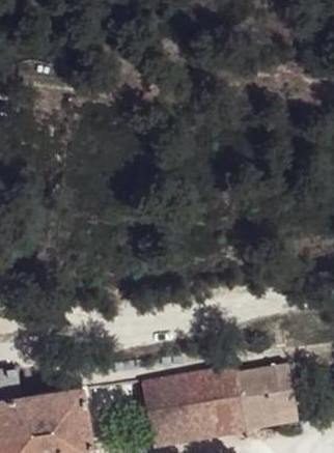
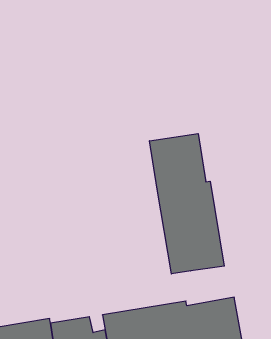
building: none -> [150,134,224,274]

